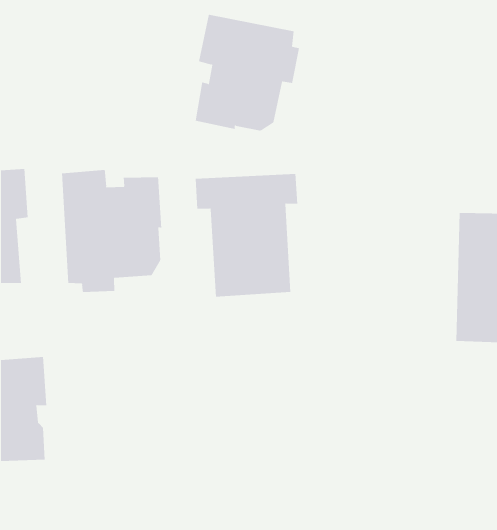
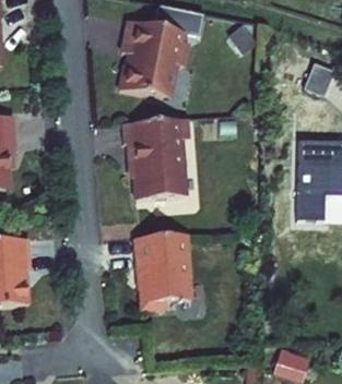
building: [62,169,162,293] -> none
building: none -> [135,232,191,305]

